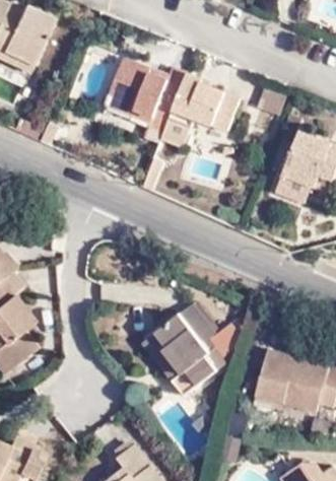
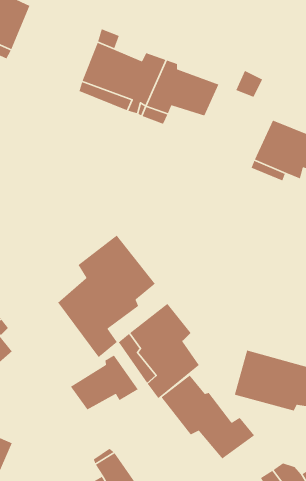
building: none -> [57,234,156,358]
building: none -> [70,354,139,411]
building: none -> [161,374,255,459]

